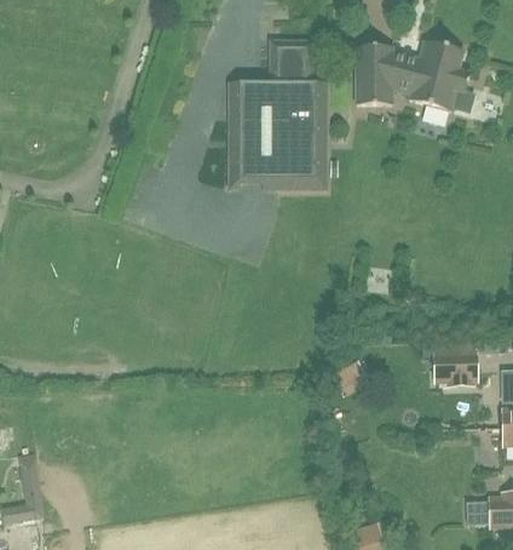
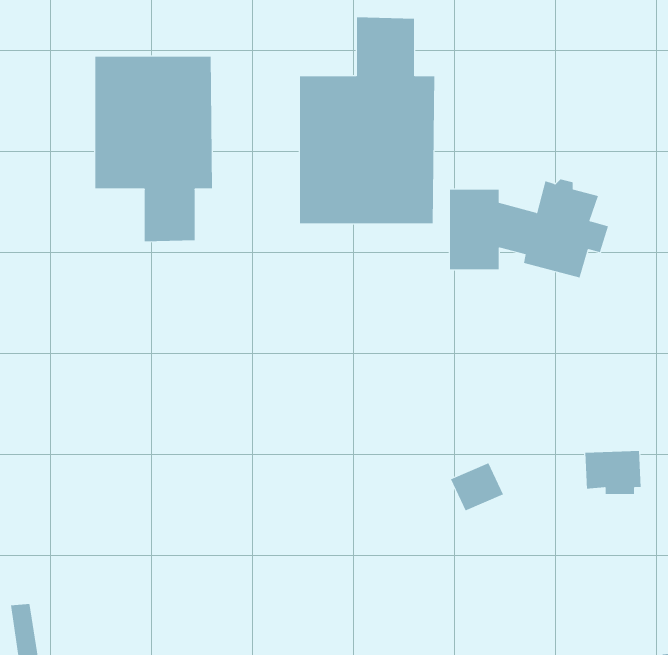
building: [356,38,471,109] -> [449,179,609,278]
building: none -> [95,56,212,242]

